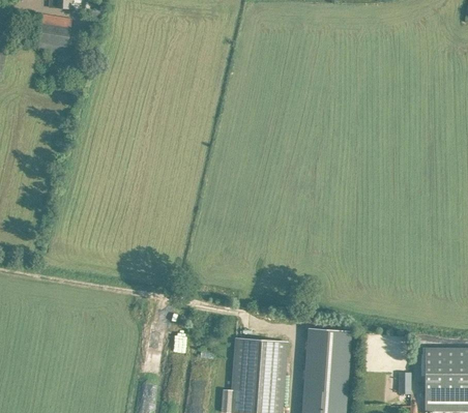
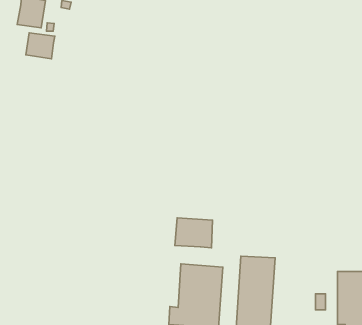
building: none -> [26,33,55,59]
building: none -> [175,218,213,248]

